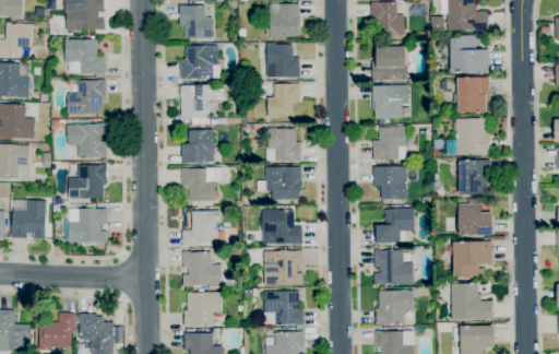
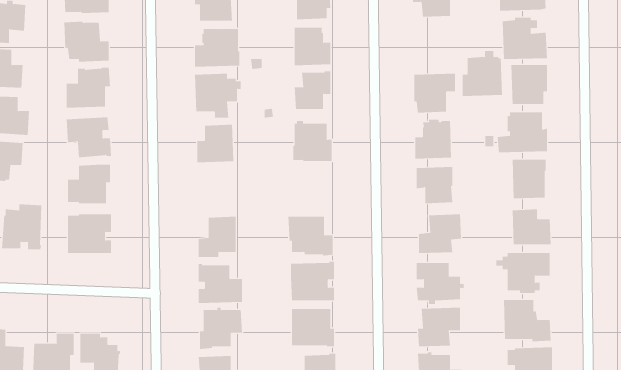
building: [371,42,407,82] -> [462,50,503,96]
building: [257,167,301,201] -> none
building: [181,168,221,201] -> none

